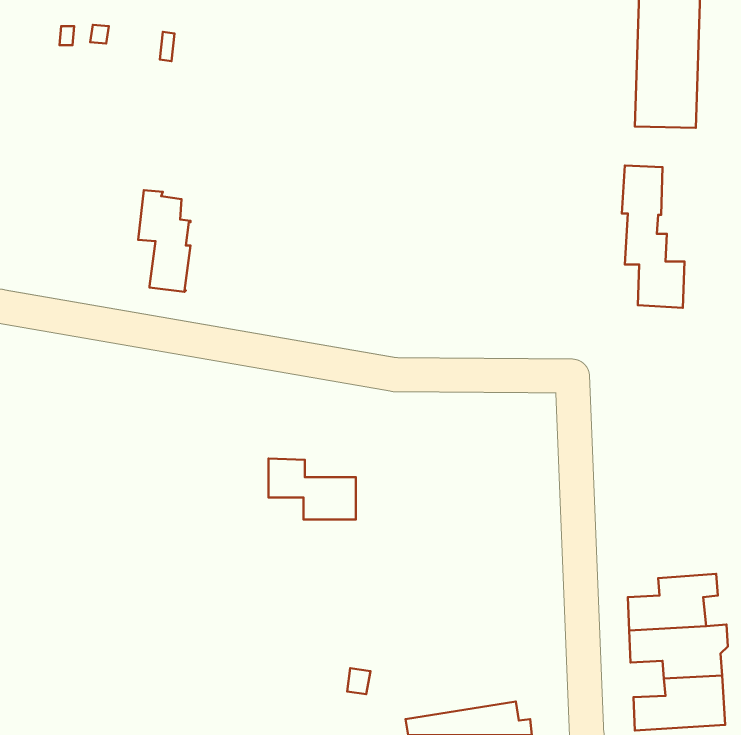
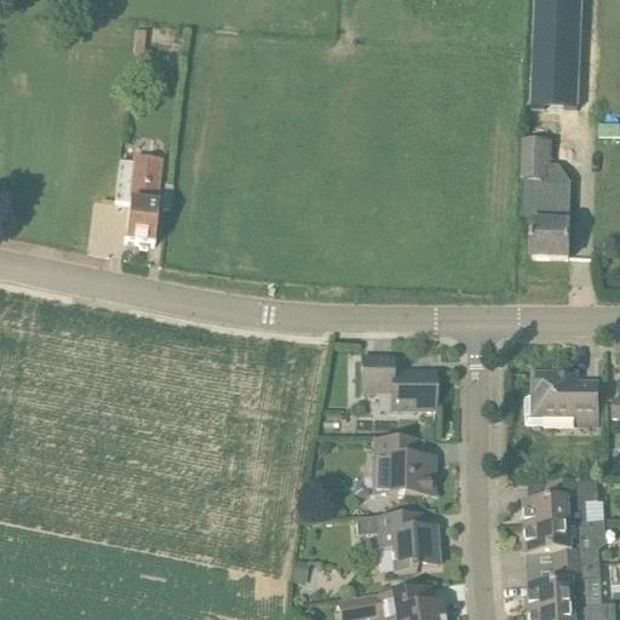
building: none -> [527,372,598,421]
building: [269,458,356,519] -> [363,356,436,407]
building: none -> [374,437,436,494]
building: none -> [362,511,440,570]

